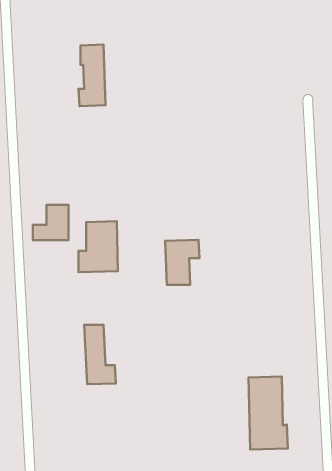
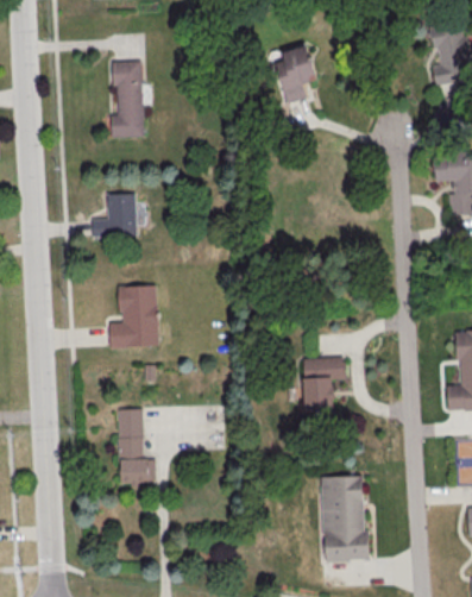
building: none -> [272,42,317,99]
building: [33,205,68,240] -> [92,190,136,234]
building: [165,240,200,285] -> [303,353,346,409]

